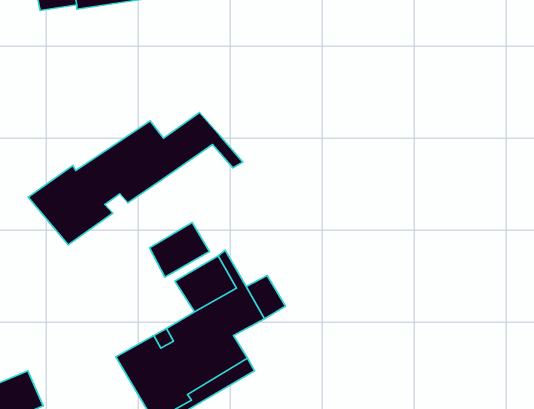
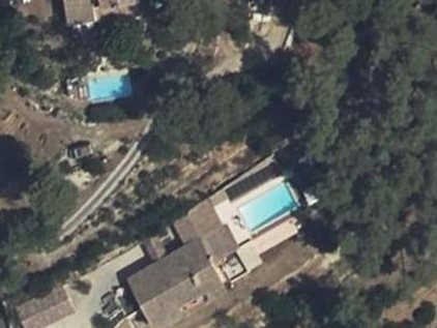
building: [28,112,243,245] -> none
building: [150,222,209,277] -> none

